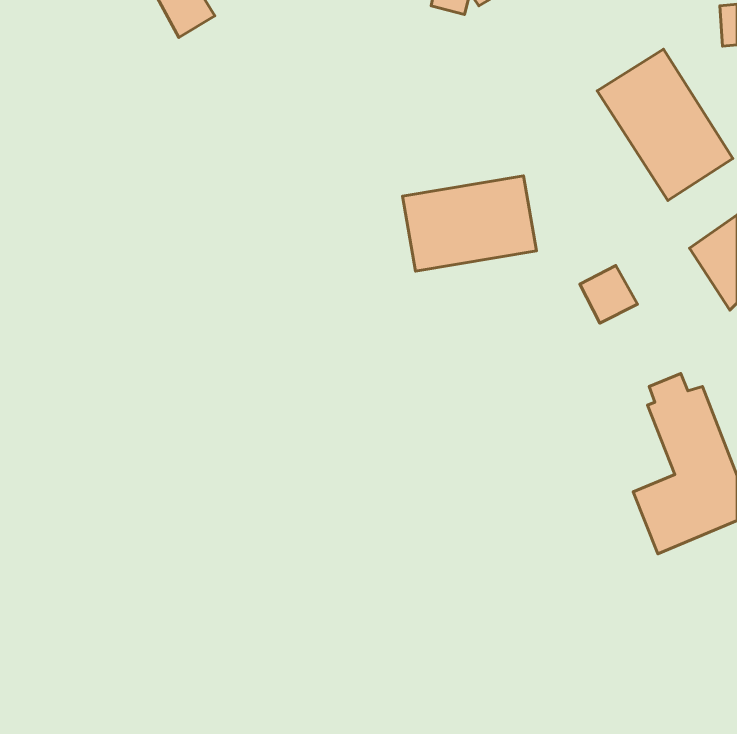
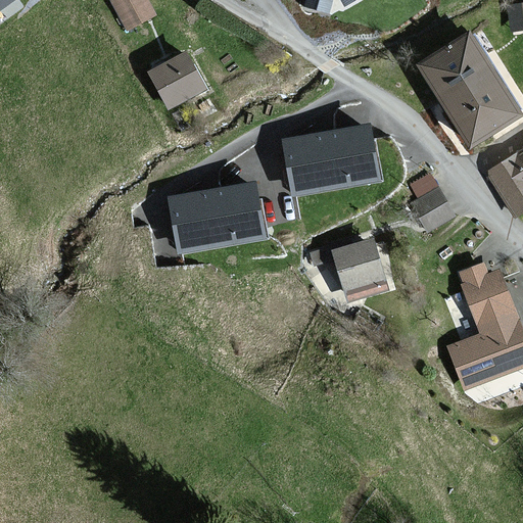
building: none -> [147,53,201,107]
building: none -> [170,182,265,249]
building: none -> [311,239,383,300]

